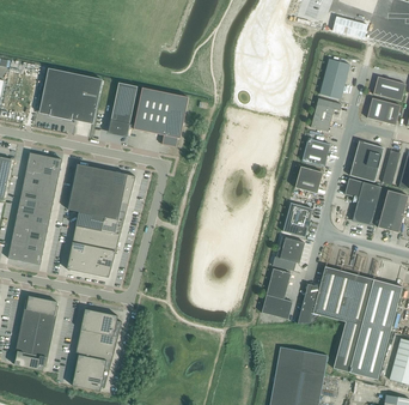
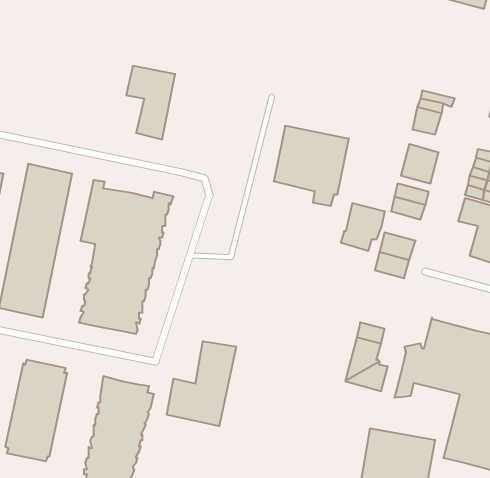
building: [319,59,350,99] -> none
building: [41,68,103,120] -> none
building: [134,87,189,146] -> [274,126,349,206]
building: [273,236,305,271] -> [341,203,385,251]
building: none -> [167,341,236,426]

